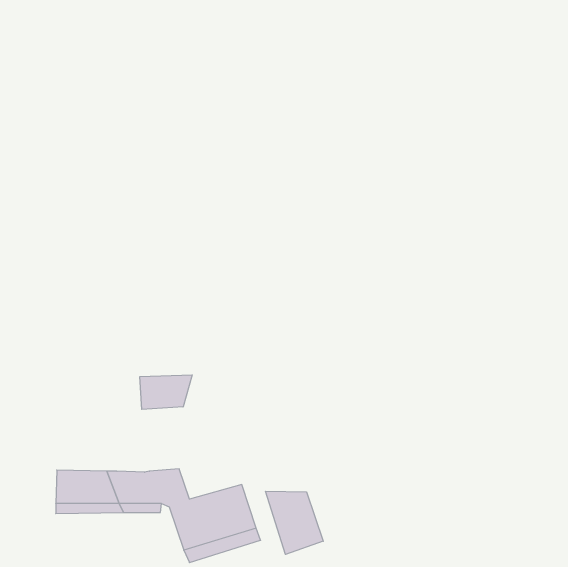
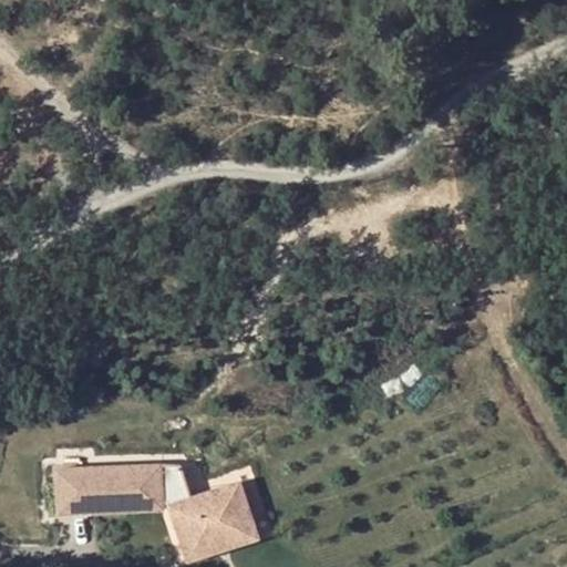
building: [140,375,192,409] -> none
building: [266,491,323,554] -> none

